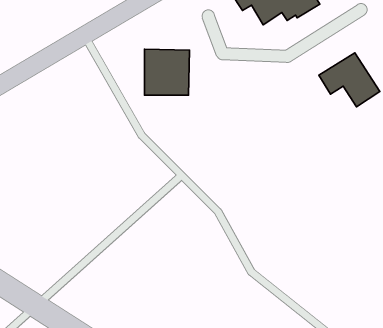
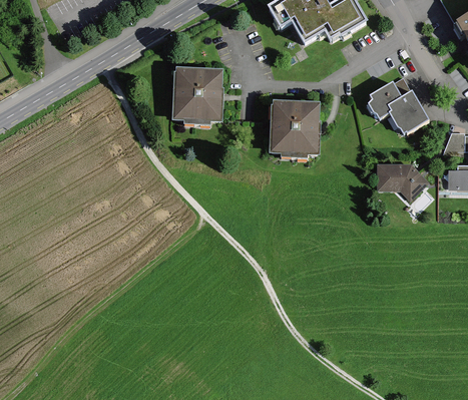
building: none -> [269,101,319,152]
building: none -> [373,163,426,199]

